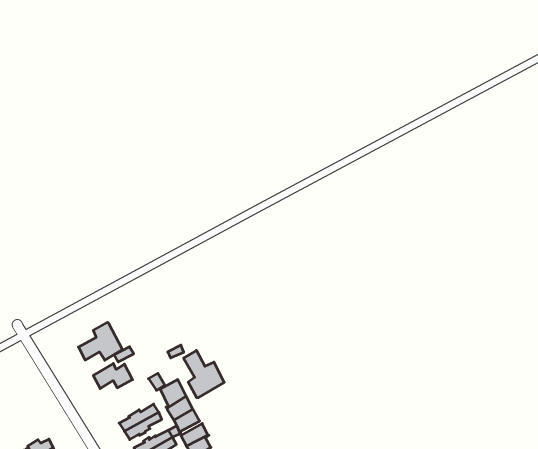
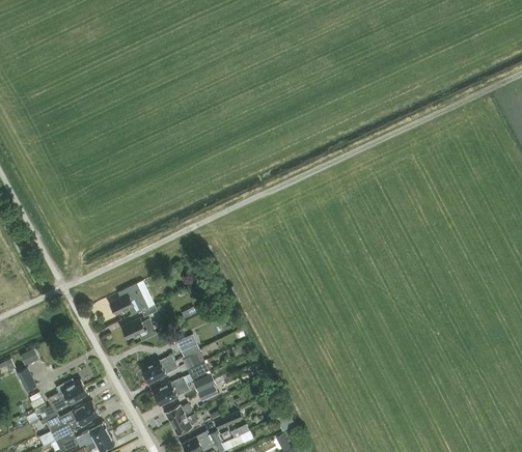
building: [184,350,224,398] -> none

